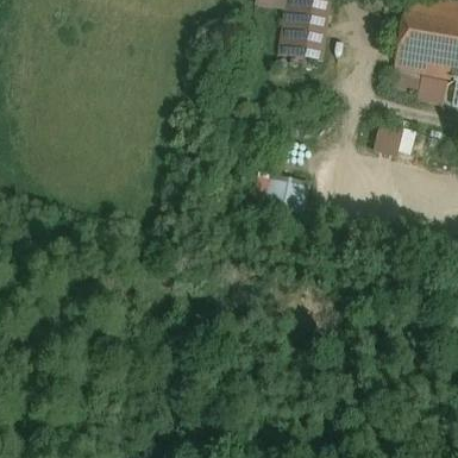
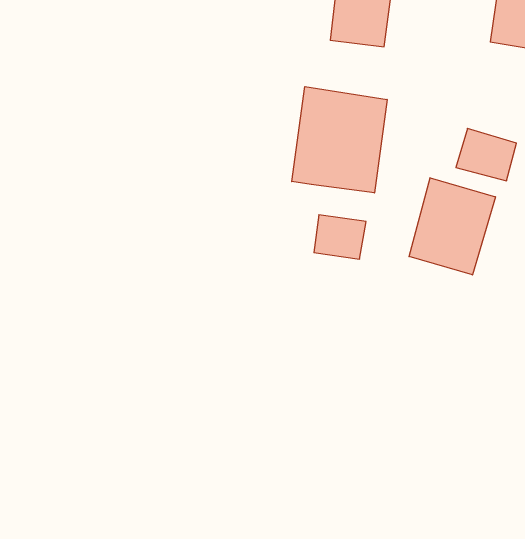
building: none -> [292,87,387,193]
building: none -> [409,178,495,275]

